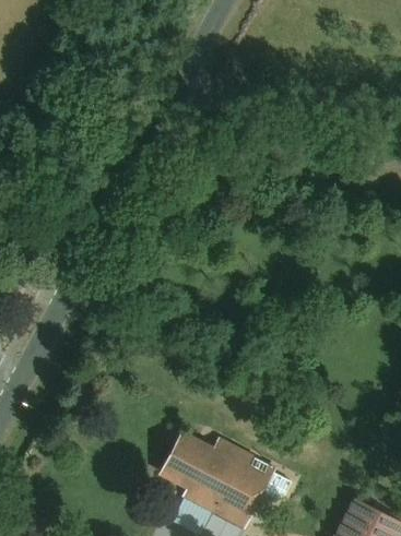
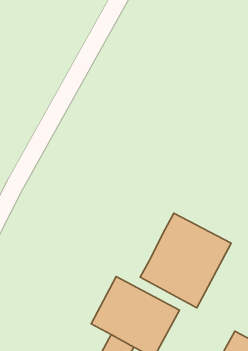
building: none -> [140,213,231,308]

